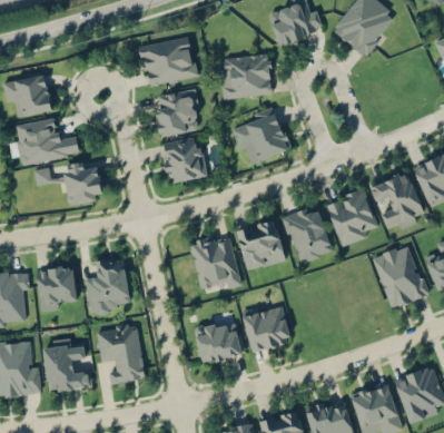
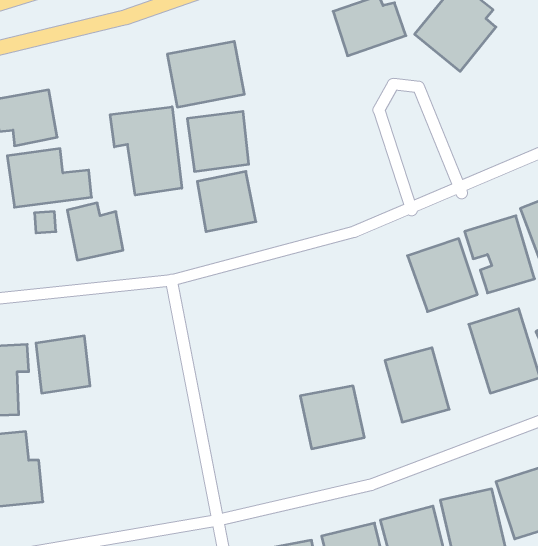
building: [219,55,274,99] -> none
building: none -> [110,107,182,195]
building: [230,110,292,163] -> none
building: [282,206,332,264] -> [385,348,449,422]
building: [236,219,286,272] -> none
building: [189,234,241,294] -> none
building: [85,257,130,313] -> none
building: [195,321,244,364] -> none
building: [96,323,146,385] -> none
building: [42,338,92,393] -> none

